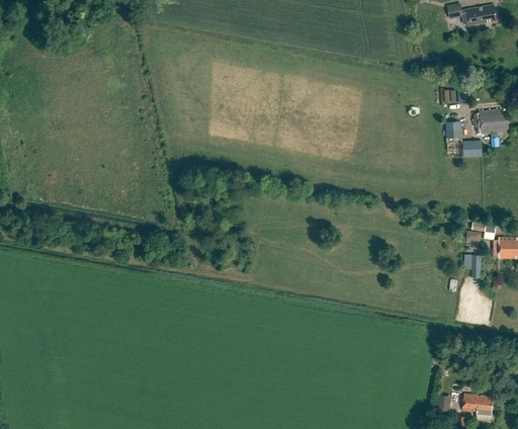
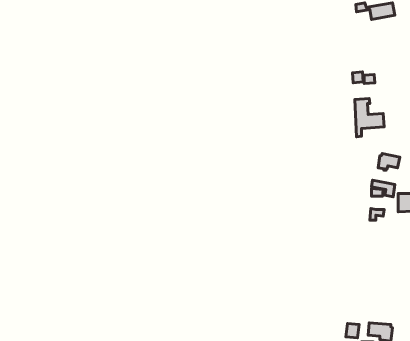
building: [470,109,506,147] -> none
building: none -> [378,153,400,170]

